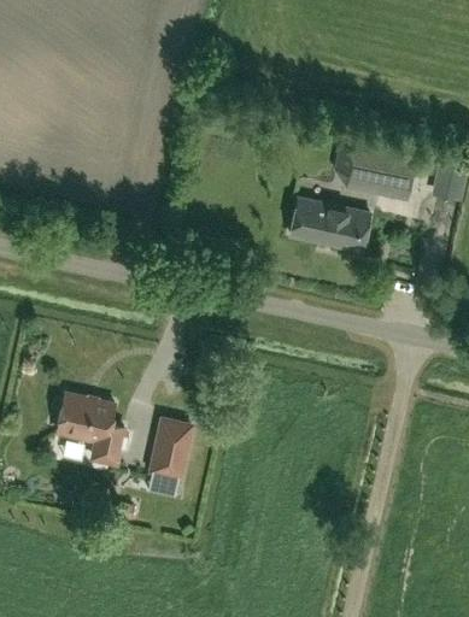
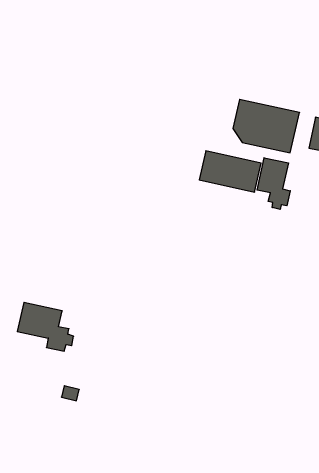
building: none -> [257,158,290,209]
building: [151,419,192,478] -> none

